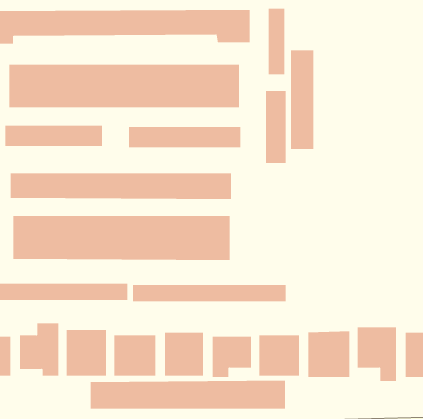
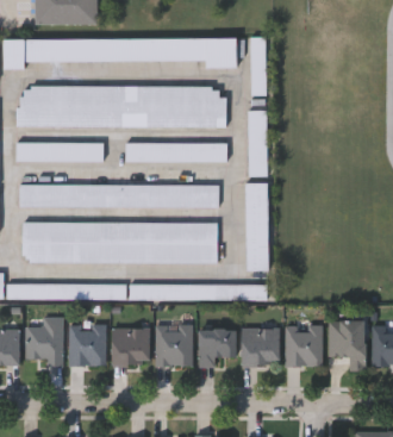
building: [290,50,314,149] -> [245,182,267,271]
building: [90,380,285,410] -> none

